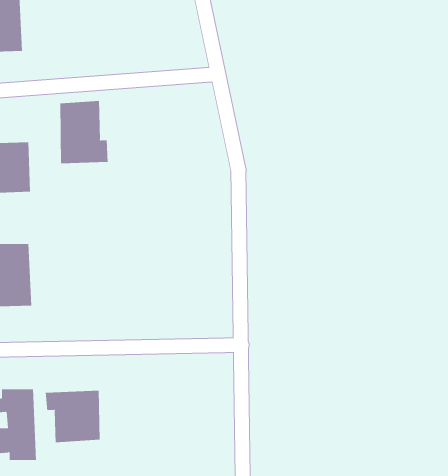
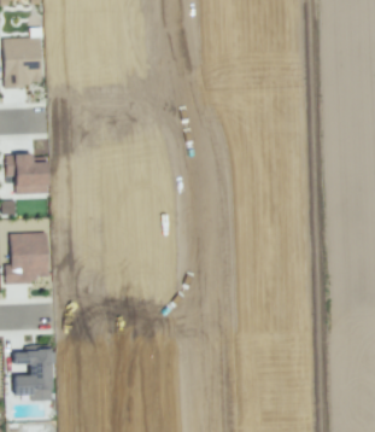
building: [60,100,108,164] -> none
building: [45,390,100,443] -> none

